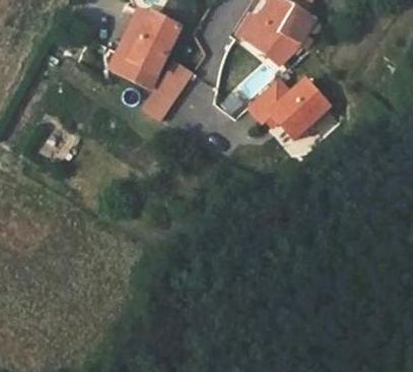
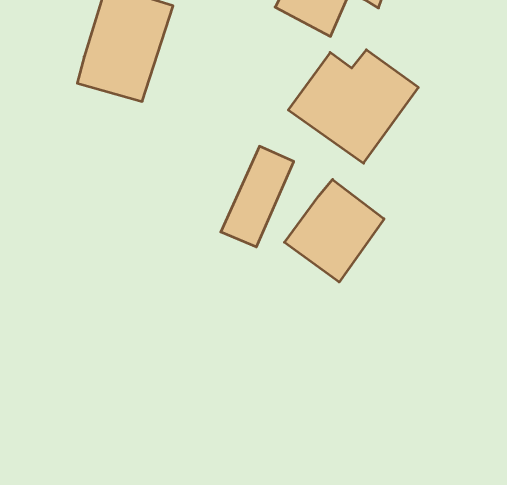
building: [137,58,191,122] -> [221,146,294,247]
building: none -> [284,179,384,282]

